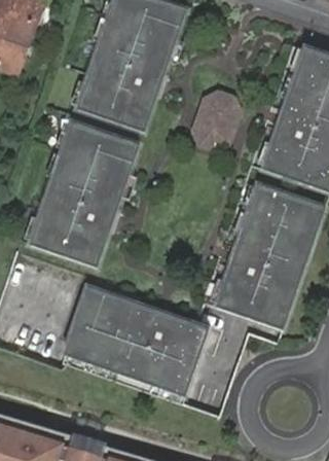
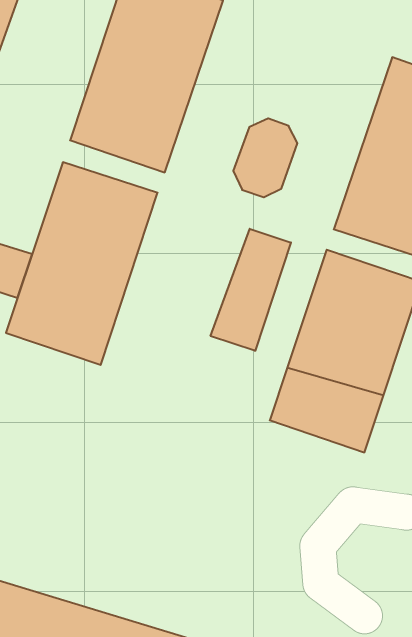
building: none -> [211,229,291,351]
building: [66,289,210,398] -> none

